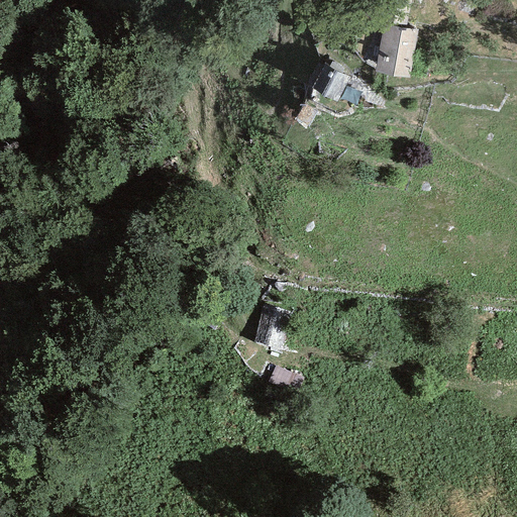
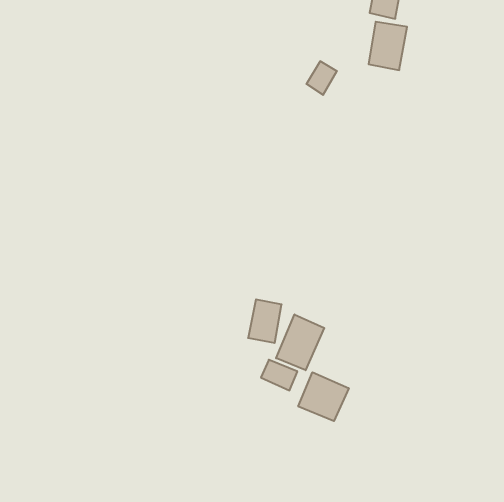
building: none -> [276,314,324,370]
building: none -> [298,372,349,421]

